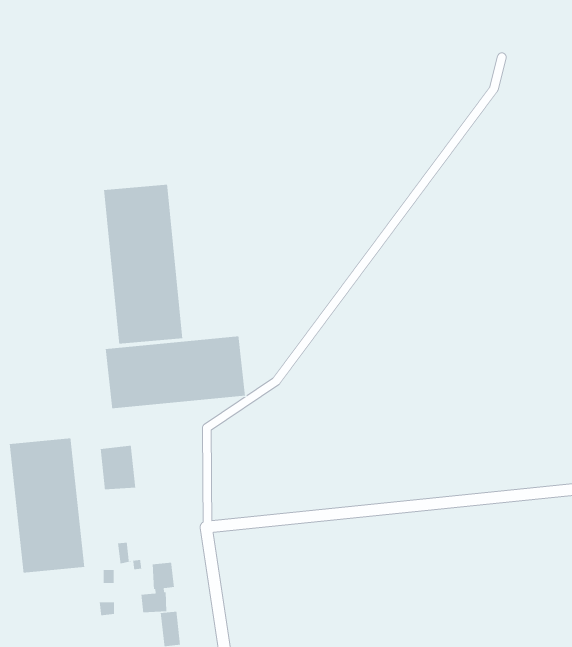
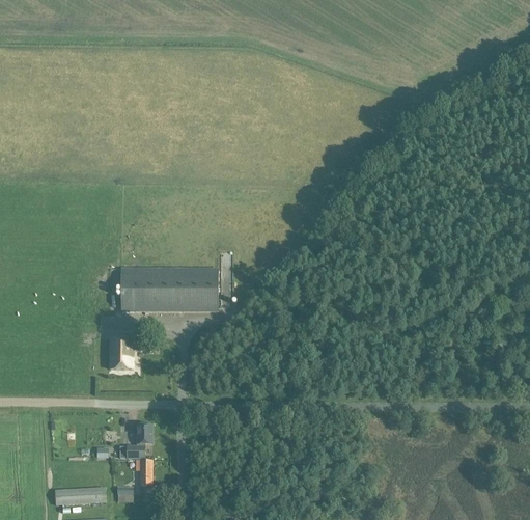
building: [103,184,183,344] -> none
building: [9,437,85,574] -> none

